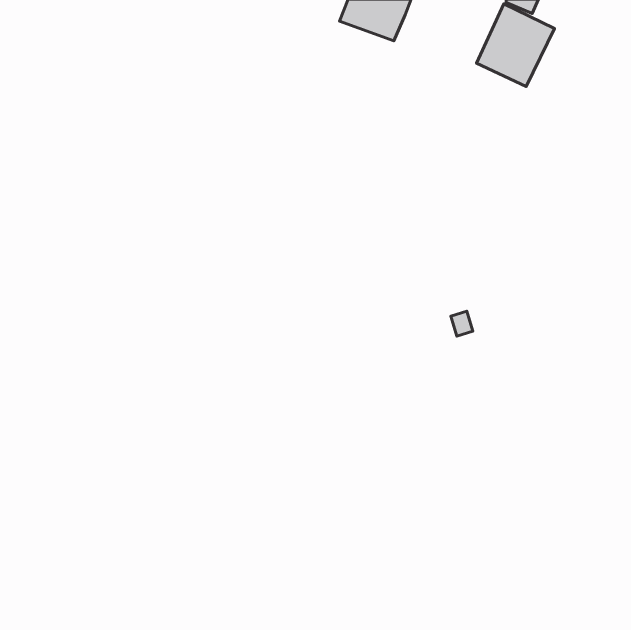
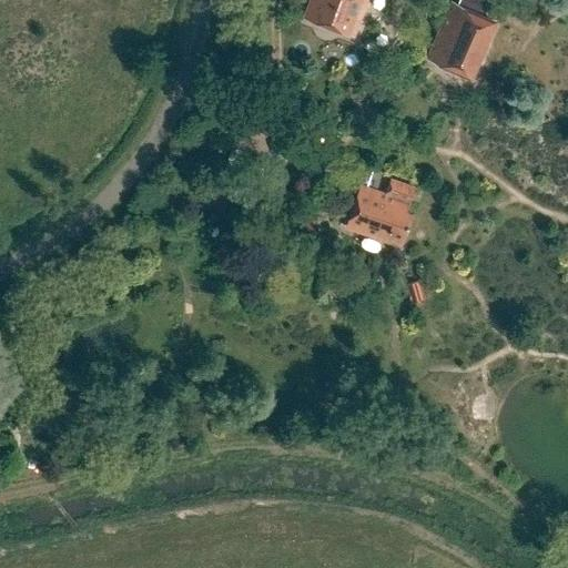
building: none -> [347,178,415,244]

